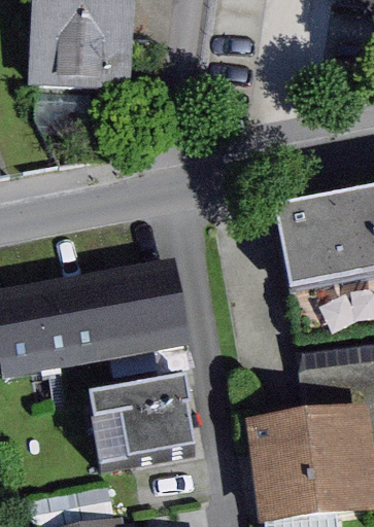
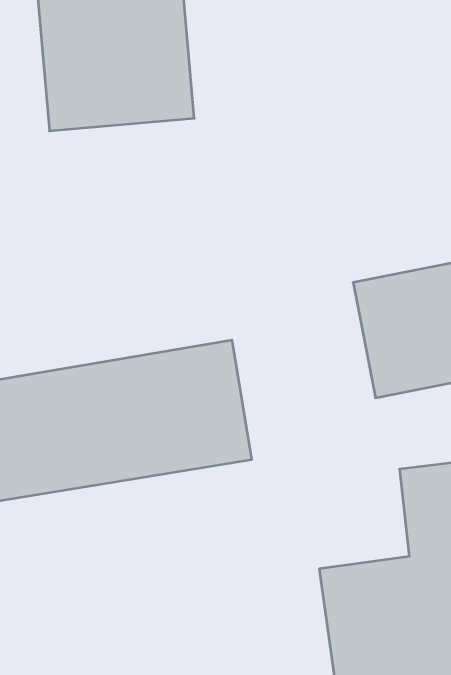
building: [84,380,191,463] -> none

